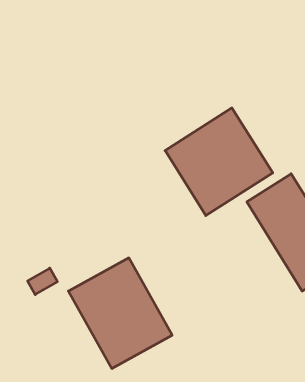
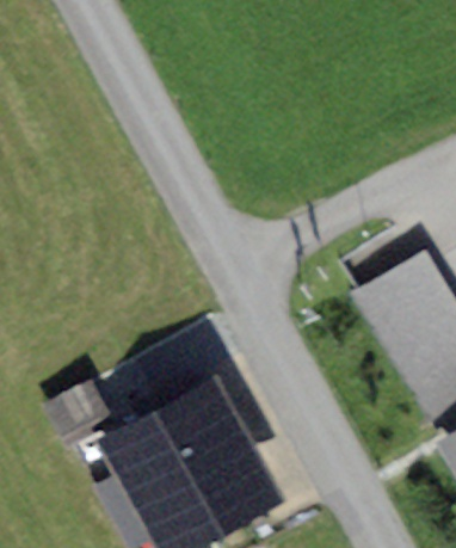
building: [165,108,273,216] -> none

